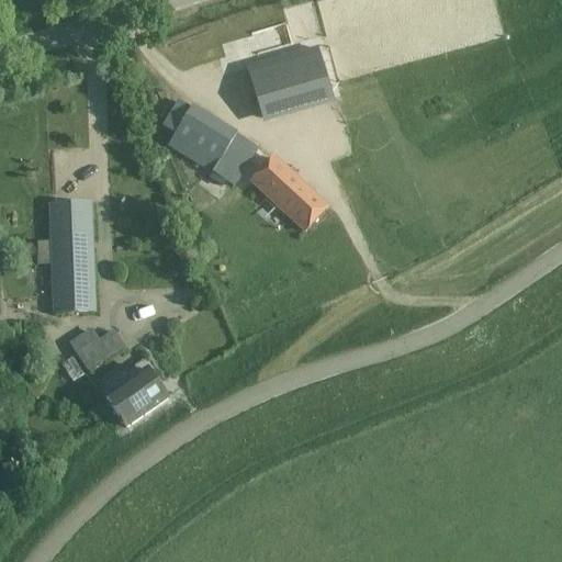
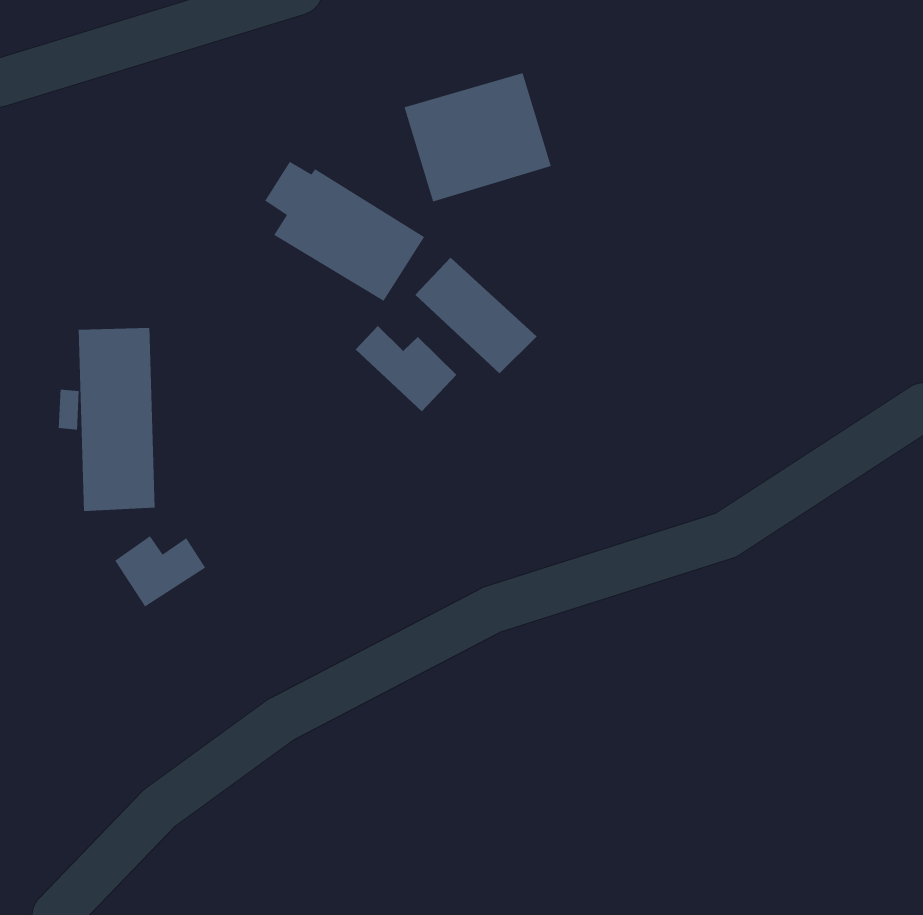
building: none -> [355,325,457,412]
building: [104,366,167,425] -> none

